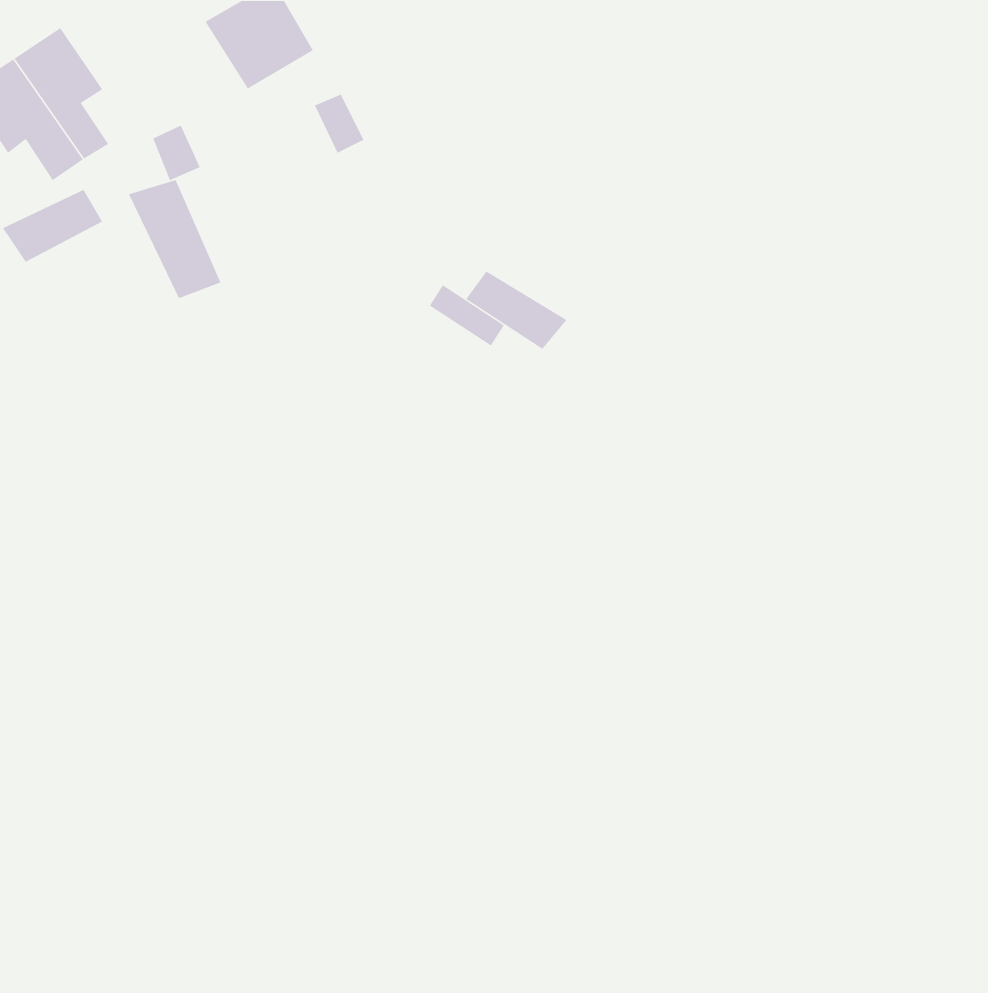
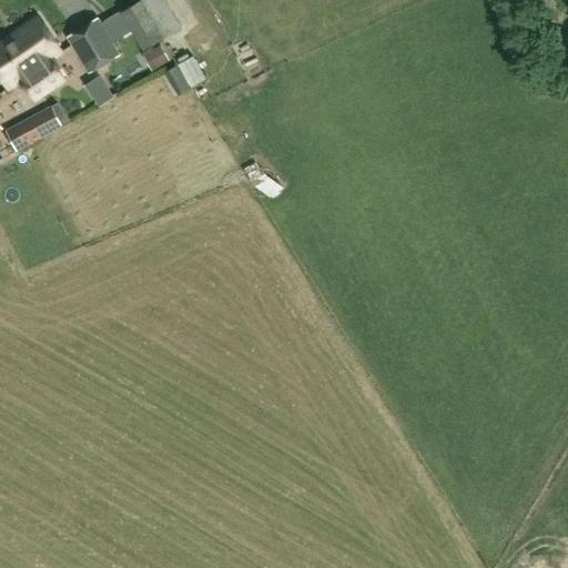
building: none -> [64,19,116,73]
building: [128,179,222,299] -> none
building: [465,271,568,350] -> none

